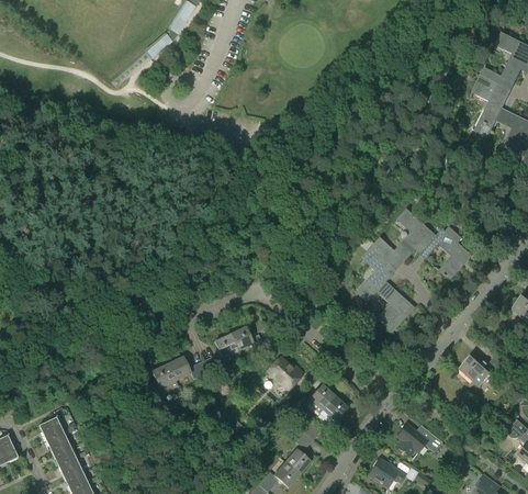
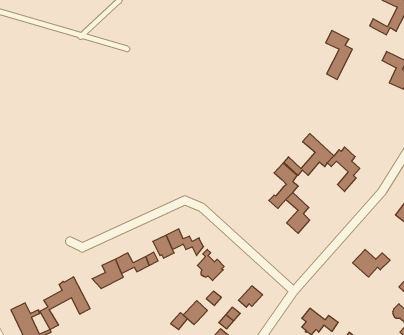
building: [472,76,505,136] -> [326,30,352,79]
building: [305,384,335,414] -> [183,301,207,325]
building: none -> [40,277,90,330]

